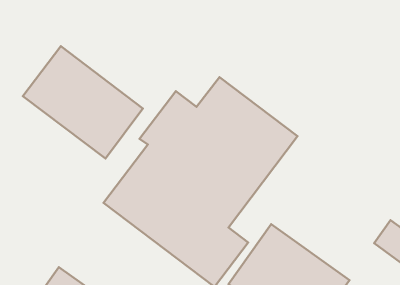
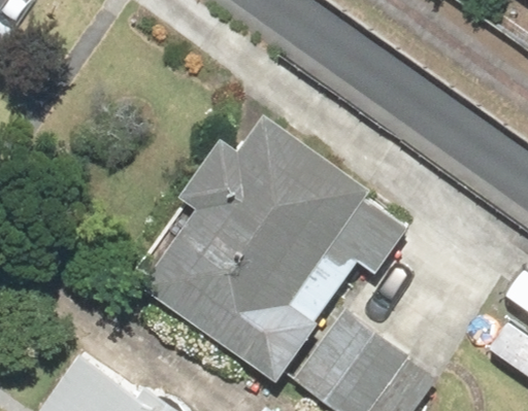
building: [23,46,143,158] -> none

